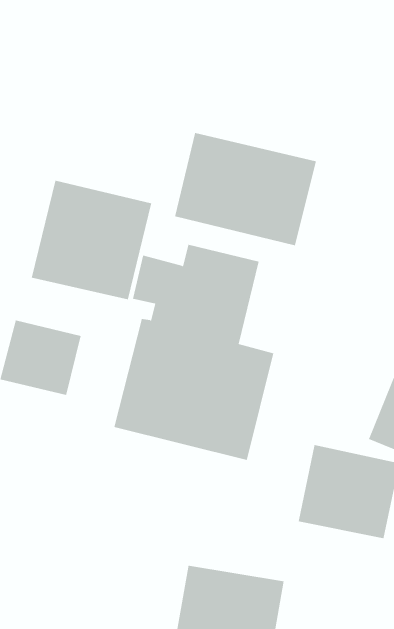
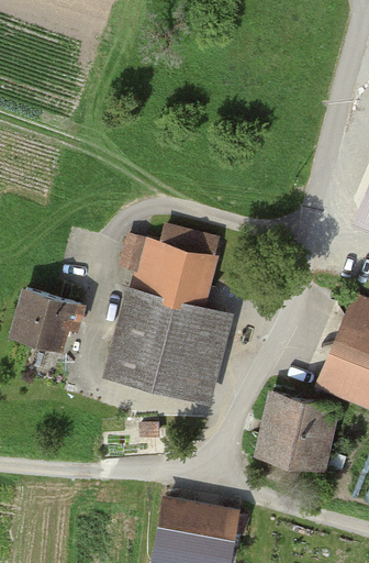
building: [174,132,317,246] -> none
building: [31,180,152,300] -> none

